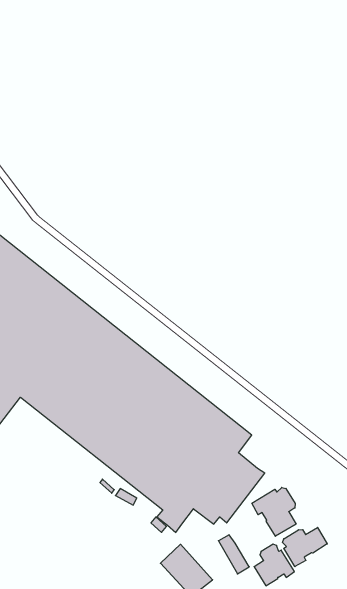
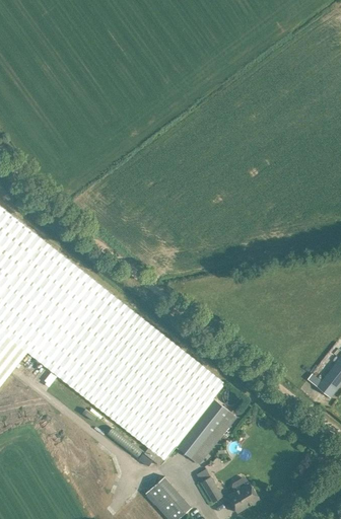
building: [252,487,296,536] -> none
building: [282,527,327,567] -> none

